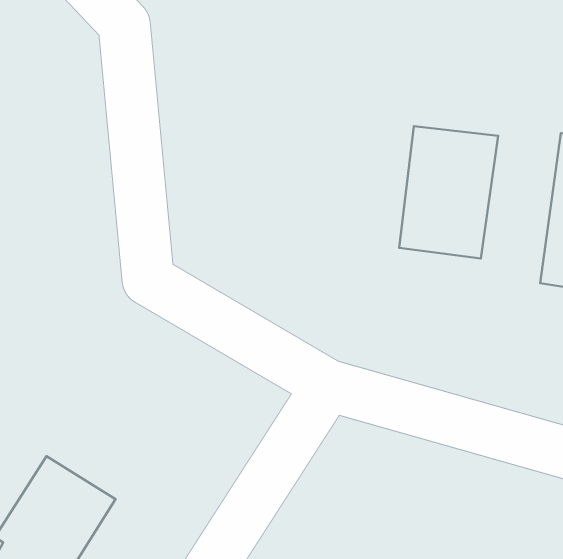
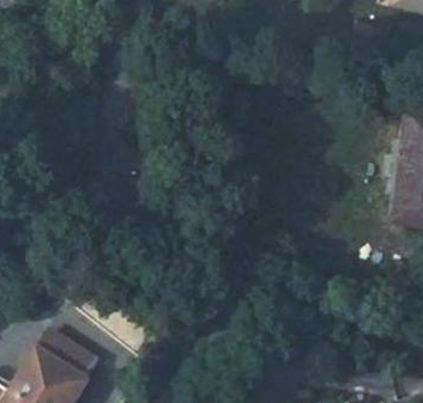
building: [399,126,498,259] -> none

